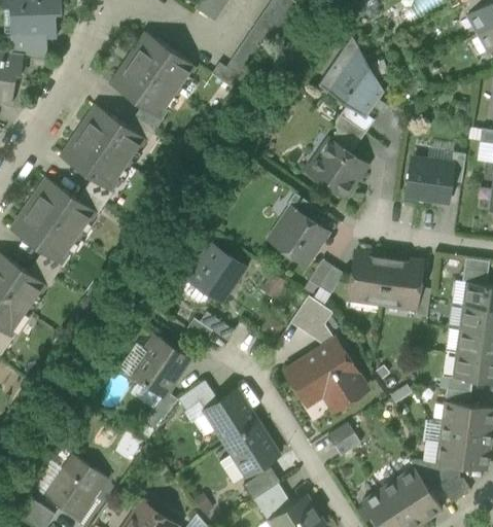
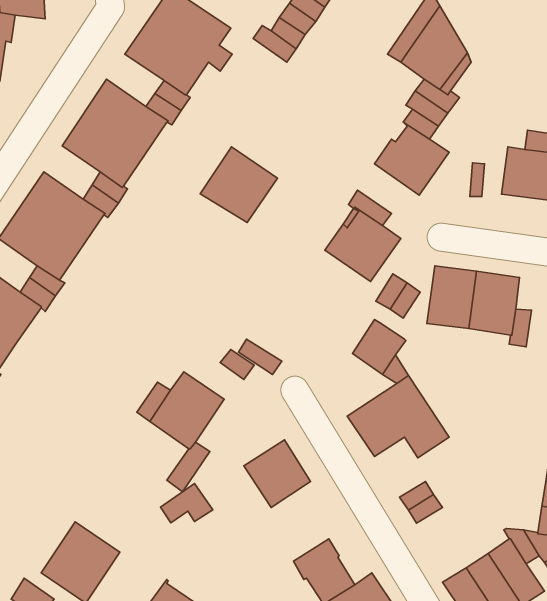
building: [184,243,245,303] -> [200,147,277,223]
building: [177,381,218,412] -> [160,484,213,523]
building: [225,423,278,477] -> none

